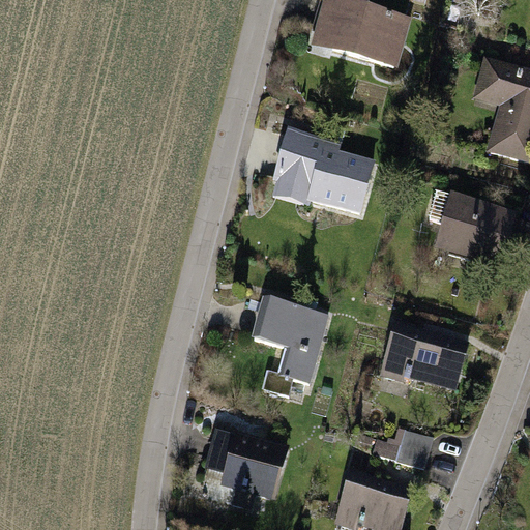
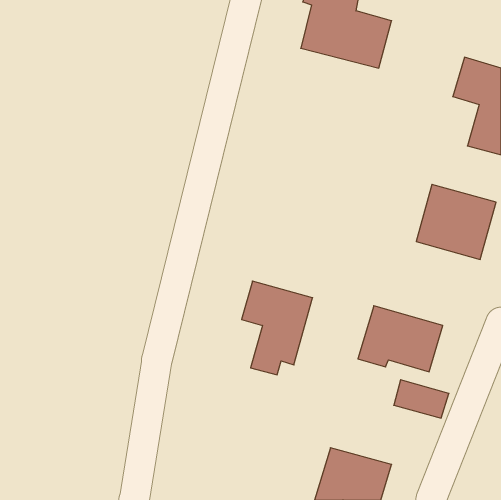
building: [273,128,376,213] -> none
building: [374,424,432,465] -> [394,380,449,418]
building: [207,428,289,509] -> none

